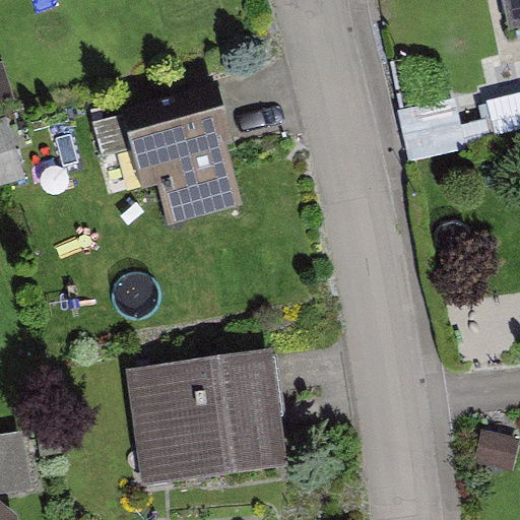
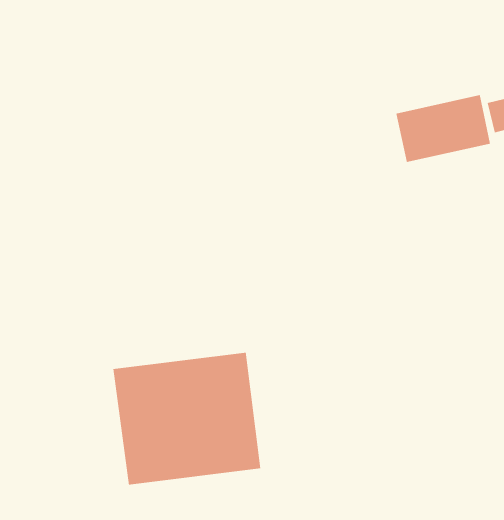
building: [122,98,244,236] -> none

